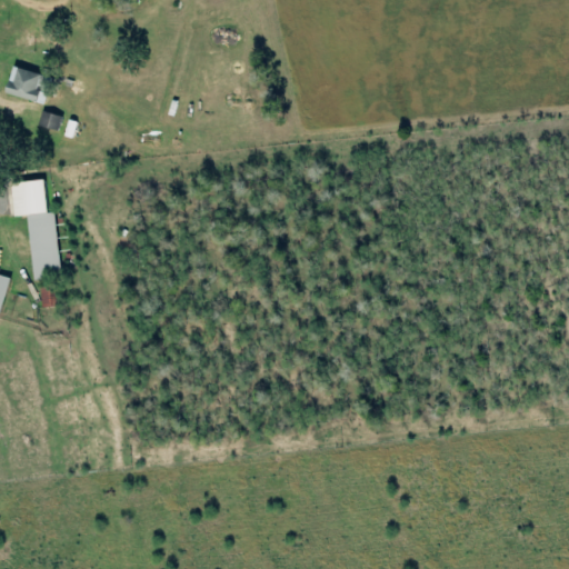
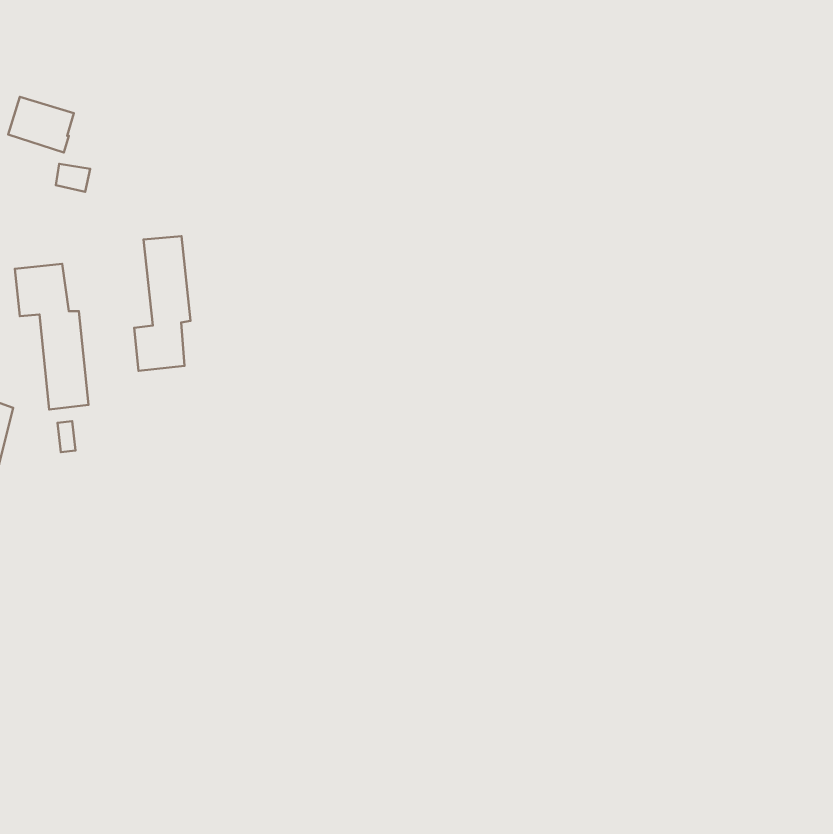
building: none -> [134,236,191,371]

